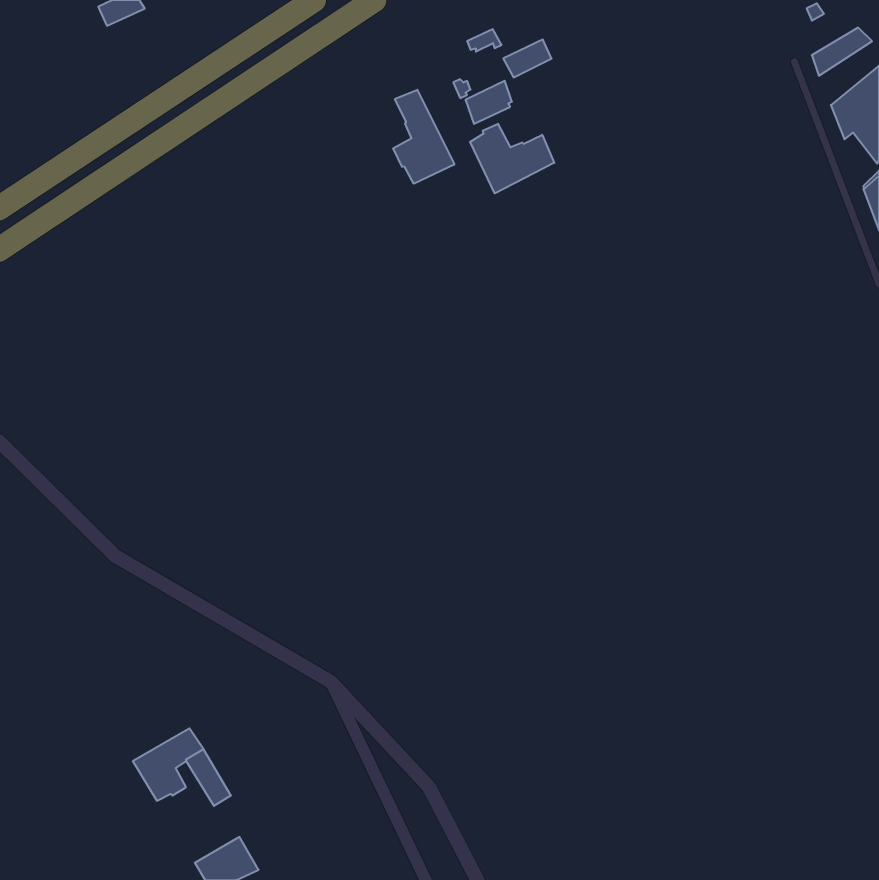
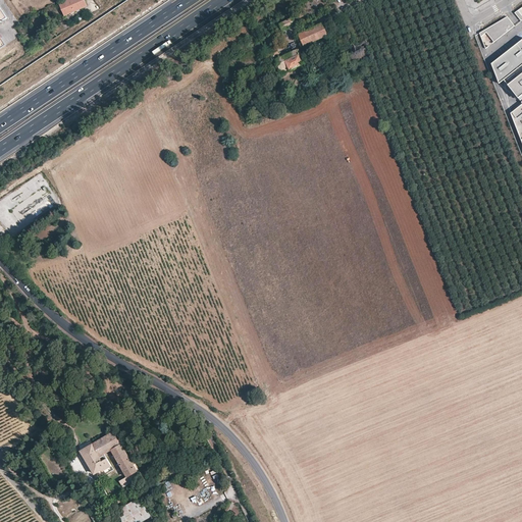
building: [393,90,454,184] -> none
building: [470,124,554,193] -> none

